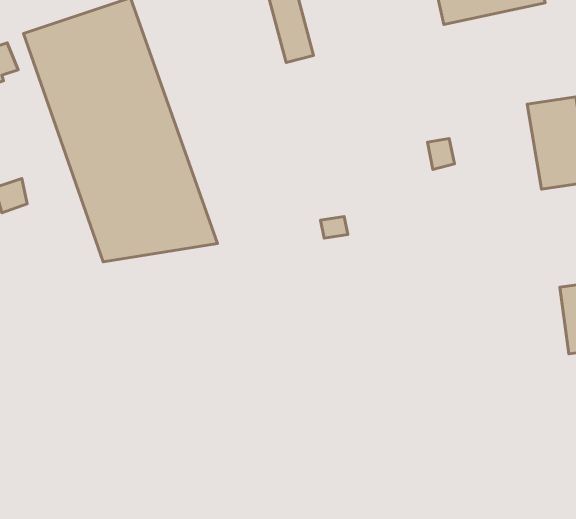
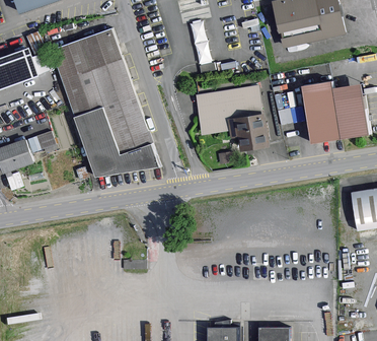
building: none -> [304,82,341,142]
building: none -> [193,84,267,152]

